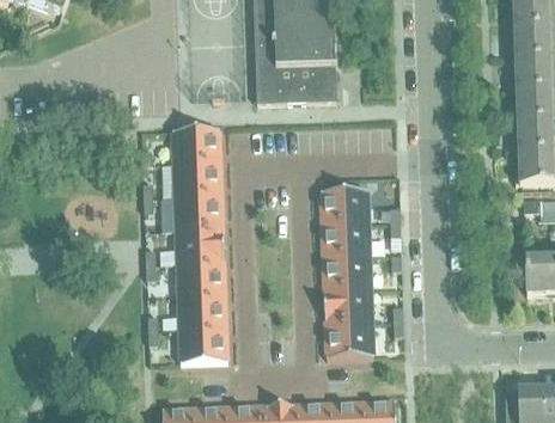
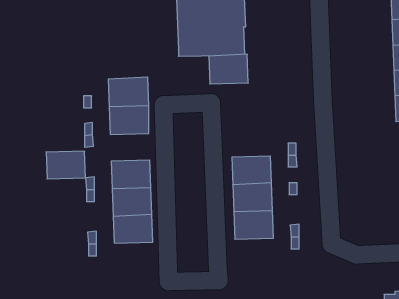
building: [321,188,368,223] -> [209,54,248,84]
building: [175,195,222,228] -> [46,151,86,179]
building: [325,321,373,357] -> none
building: [179,326,227,362] -> none

